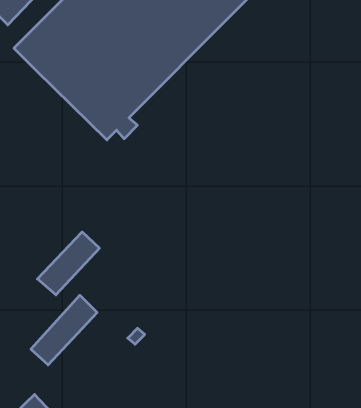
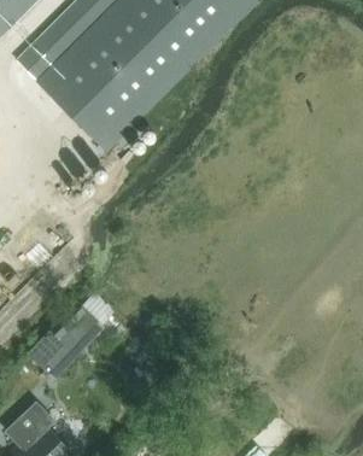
building: [37,232,99,295] -> none

